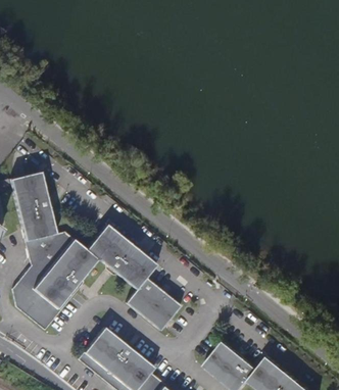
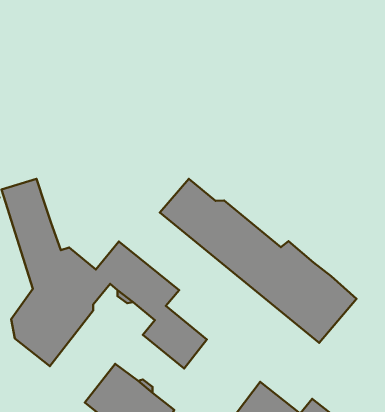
building: none -> [160,179,356,343]

